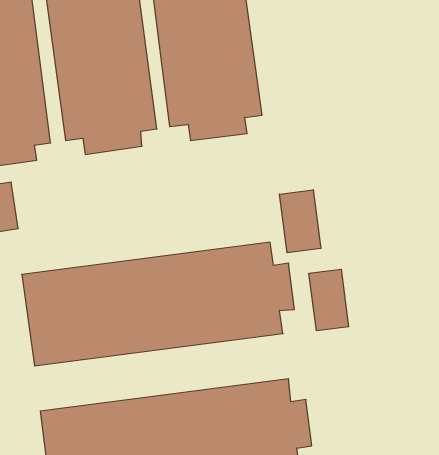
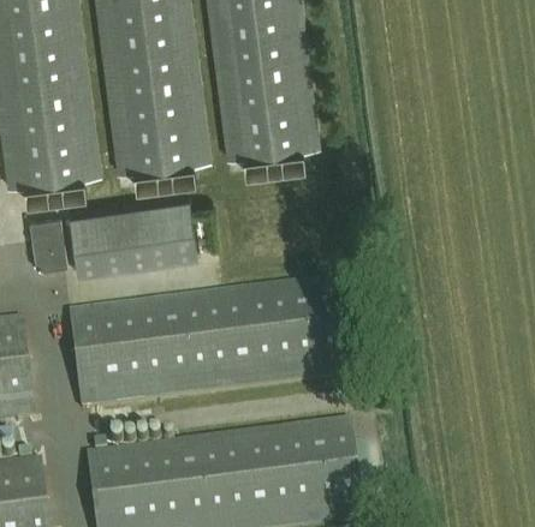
building: none -> [69,196,197,274]
building: [280,190,321,253] -> none
building: [309,269,349,331] -> none

